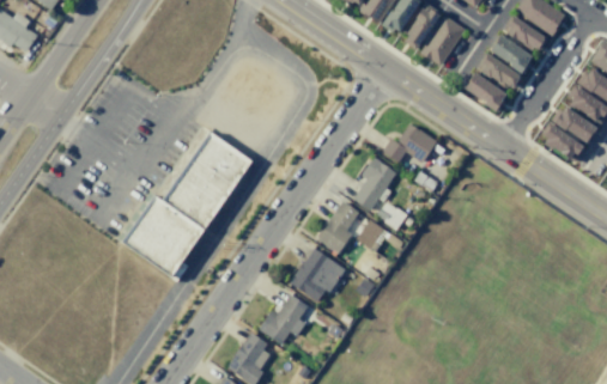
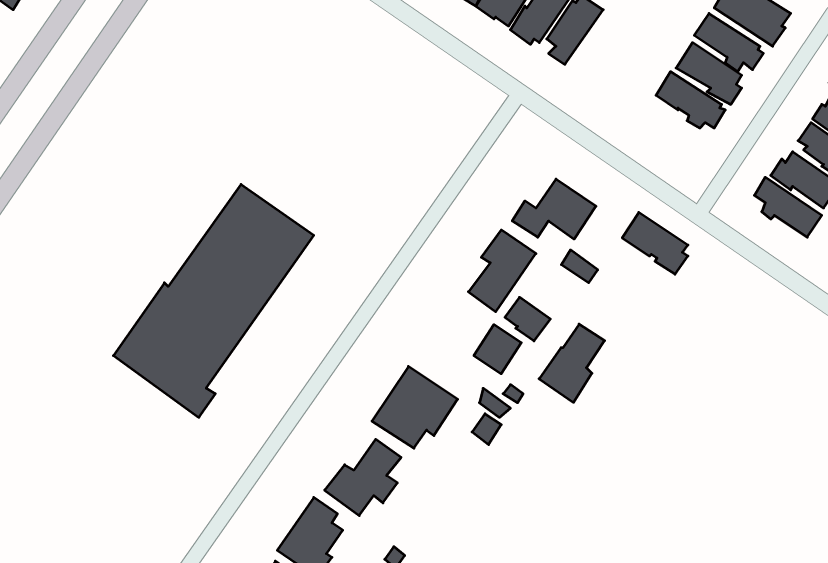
building: [423,14,467,65] -> none
building: [465,72,508,112] -> [622,212,688,274]
building: [317,201,360,252] -> [539,324,605,402]

